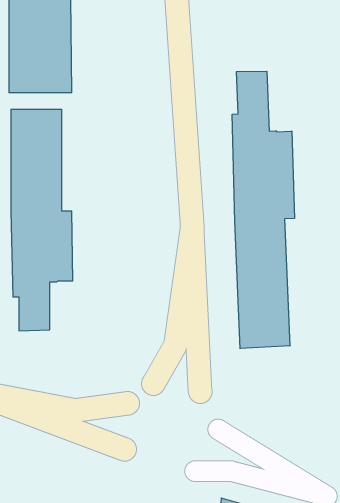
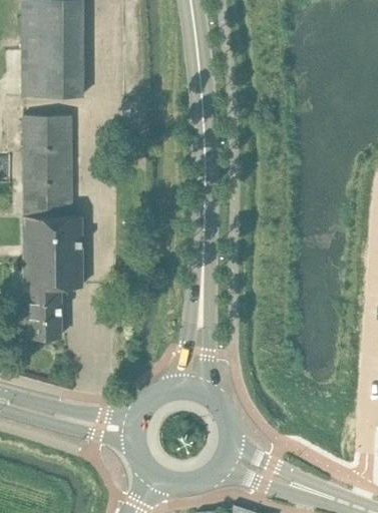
building: [232,71,294,349] -> none

